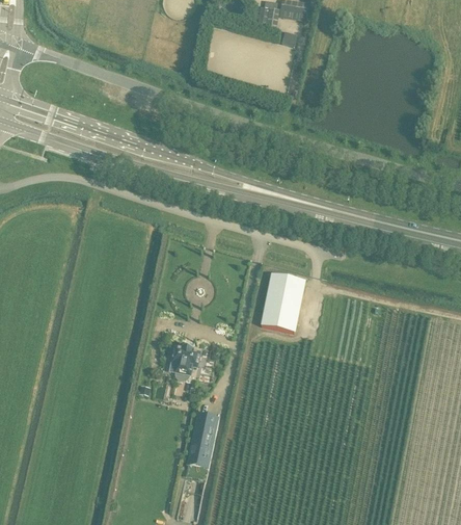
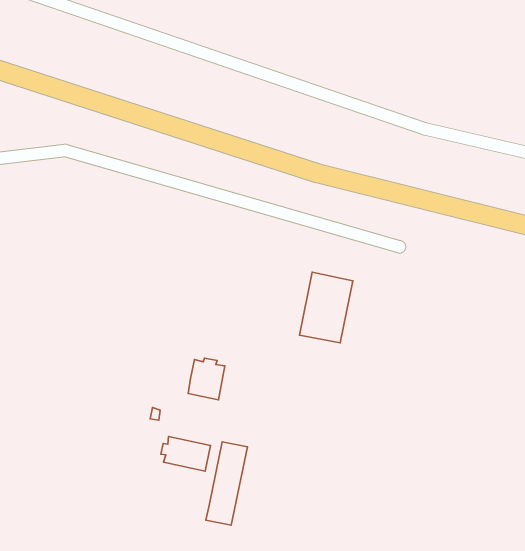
building: none -> [161,436,210,471]

